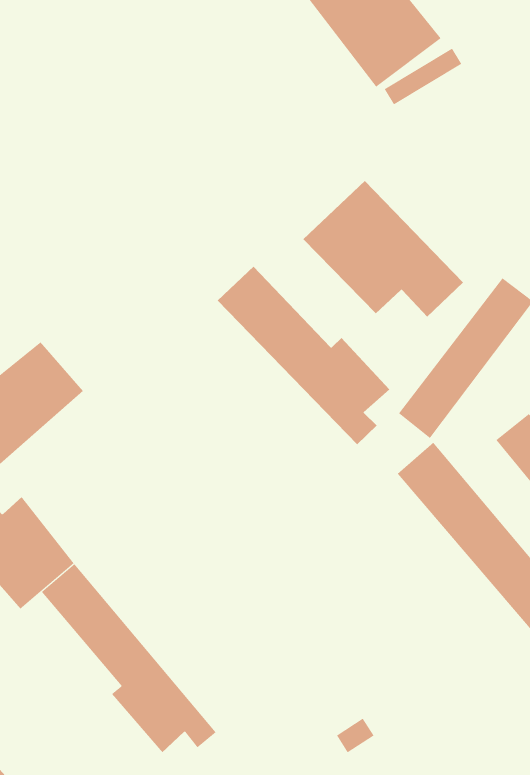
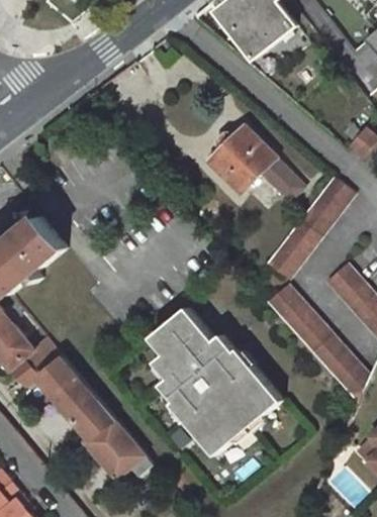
building: [217,266,390,445] -> none
building: none -> [149,310,280,456]

